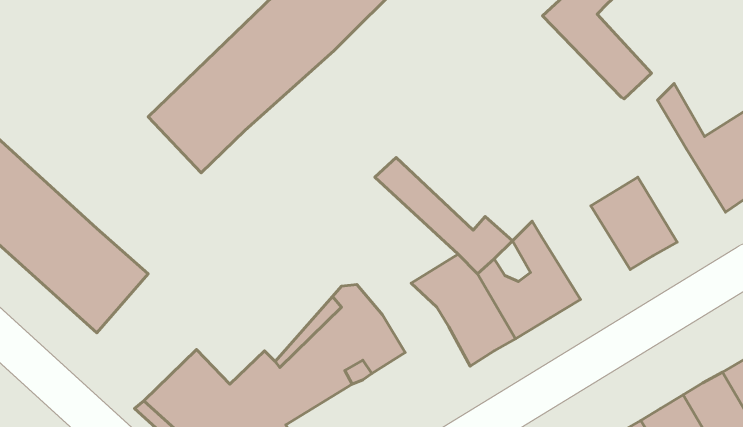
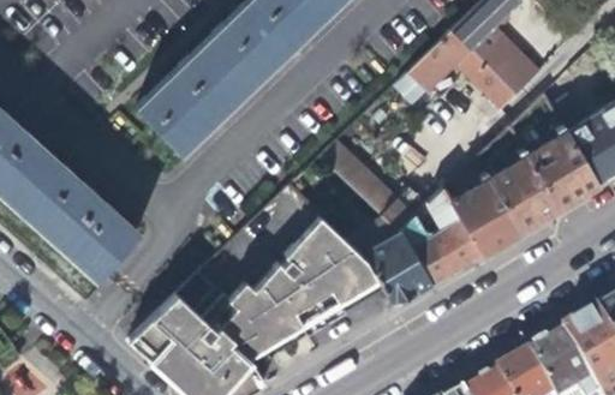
building: none -> [395,28,515,106]
building: none -> [529,133,598,208]
building: none -> [452,179,523,253]
building: none -> [293,214,378,295]

